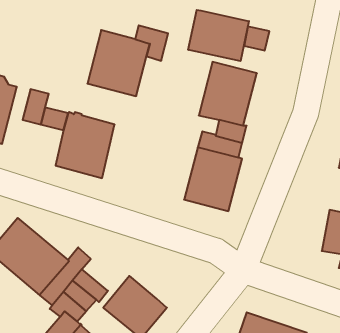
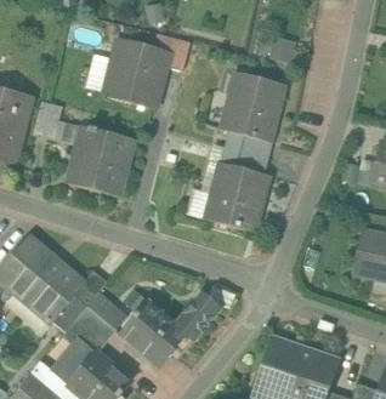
building: [188,10,249,61] -> none
building: none -> [176,293,217,340]

